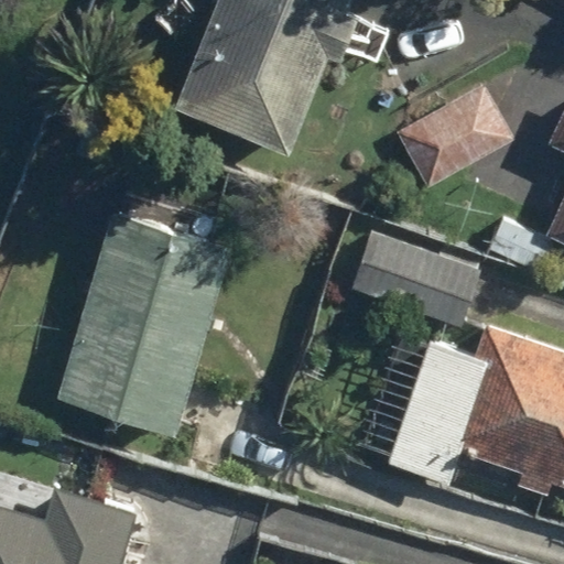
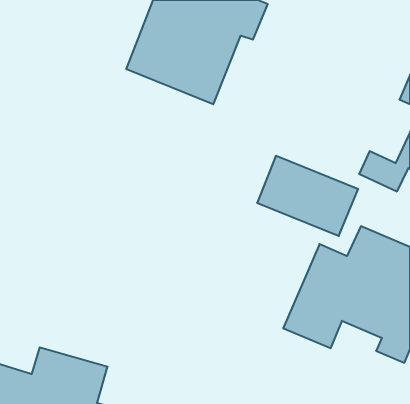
building: [400,85,517,192] -> none
building: [58,216,228,429] -> none

